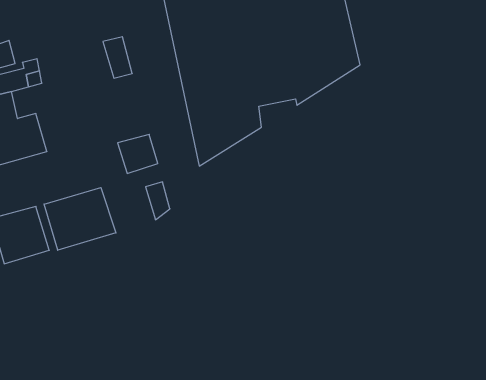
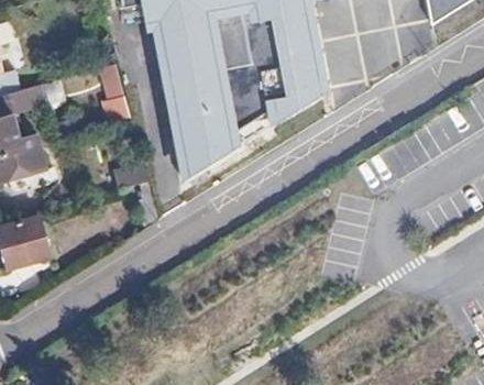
building: [44,188,116,250] -> none

